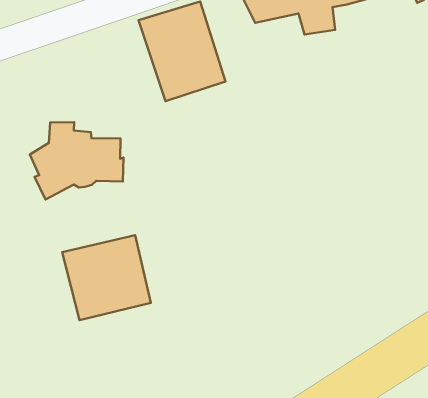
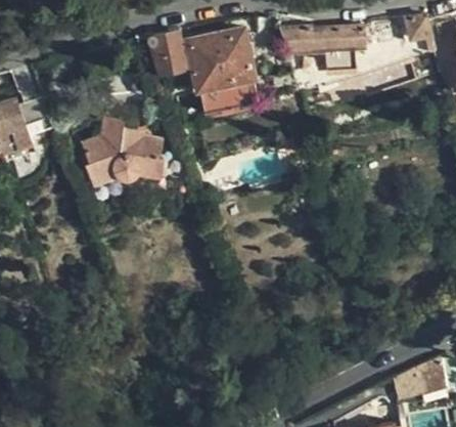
building: none -> [145,31,190,75]
building: [62,235,151,320] -> none

